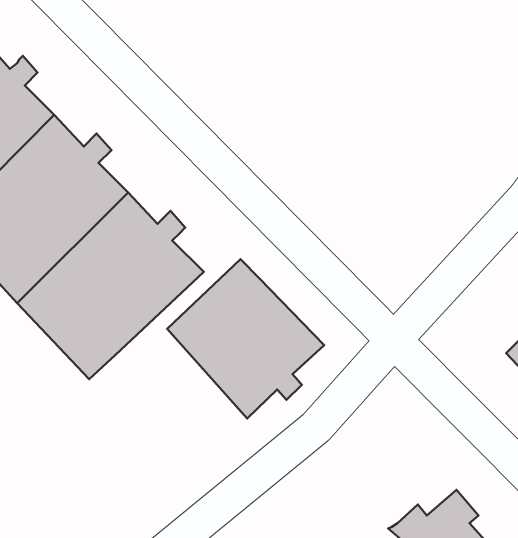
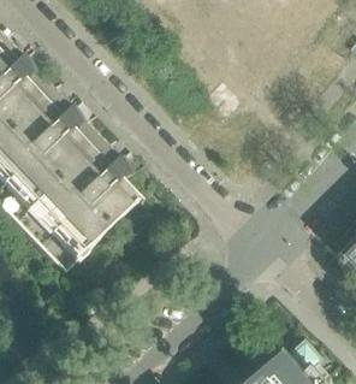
building: [167,259,324,418] -> none

